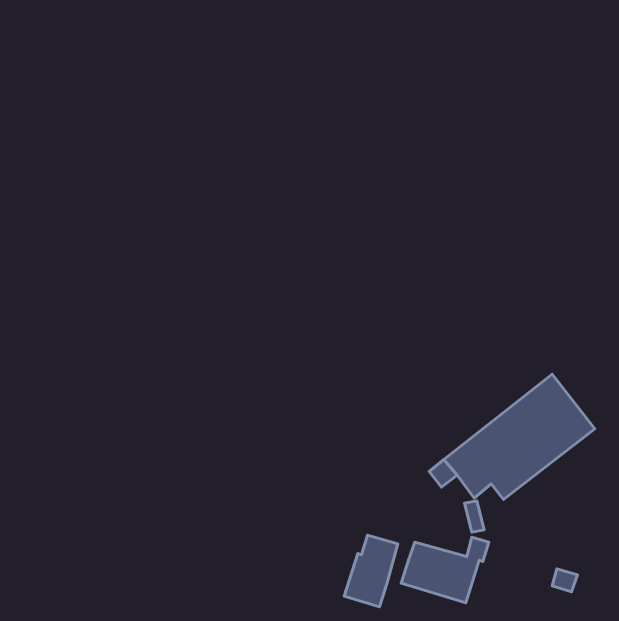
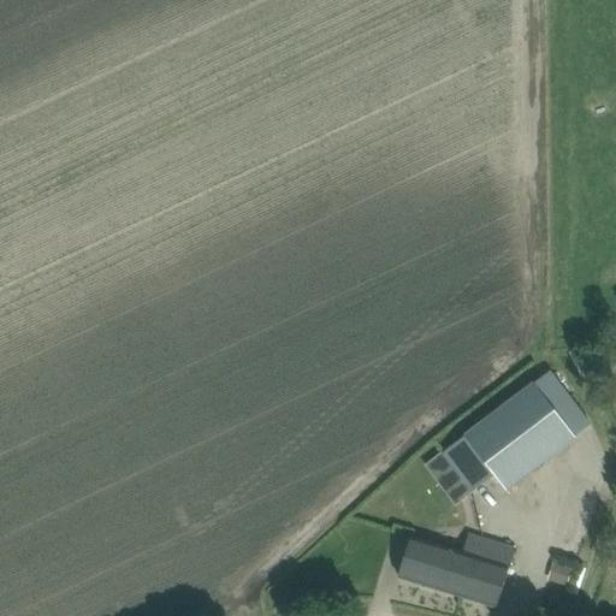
building: [344,535,398,607] -> [461,537,514,608]

